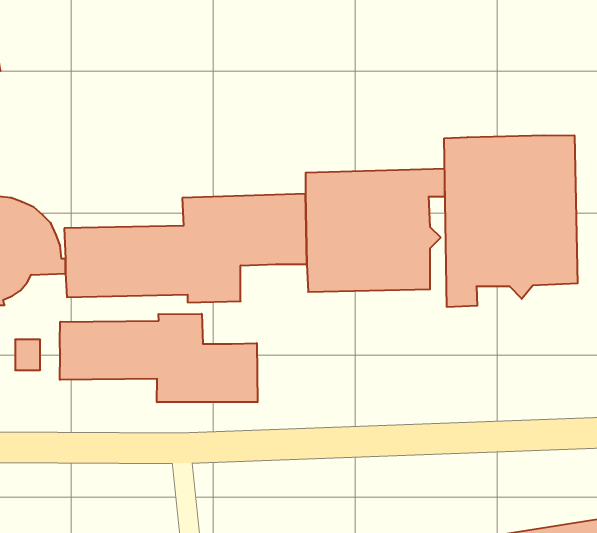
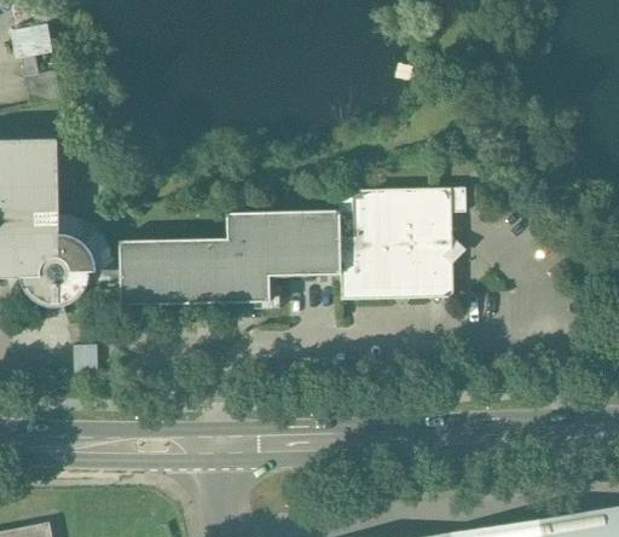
building: [444,135,578,307] -> none
building: [60,314,257,402] -> none

